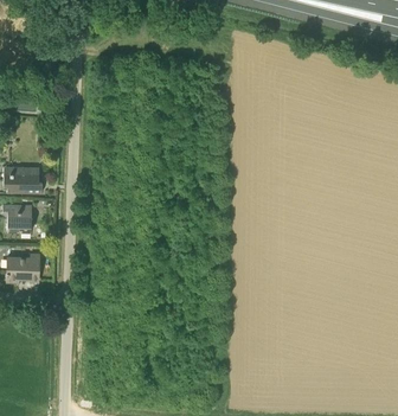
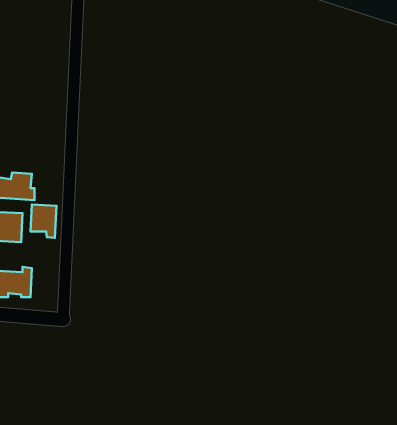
building: none -> [31,205,56,238]

